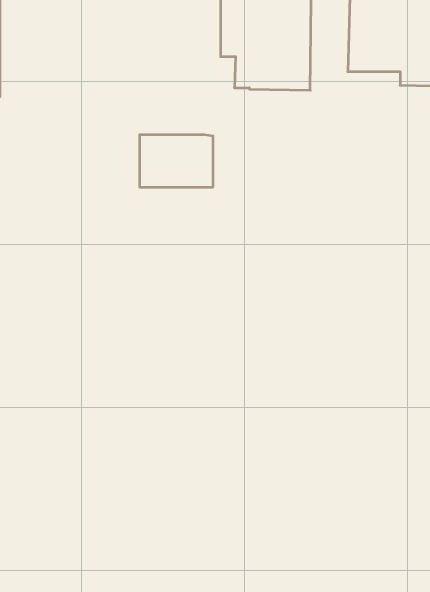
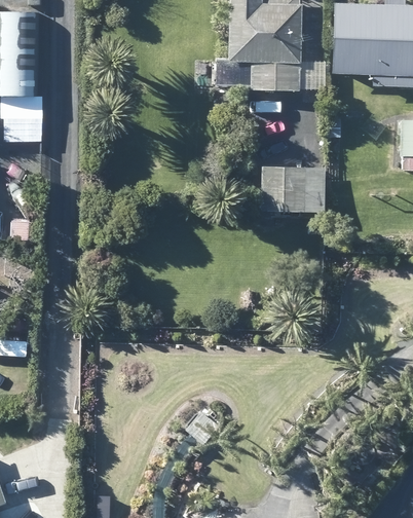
building: [140,135,213,187] -> [265,168,326,211]

